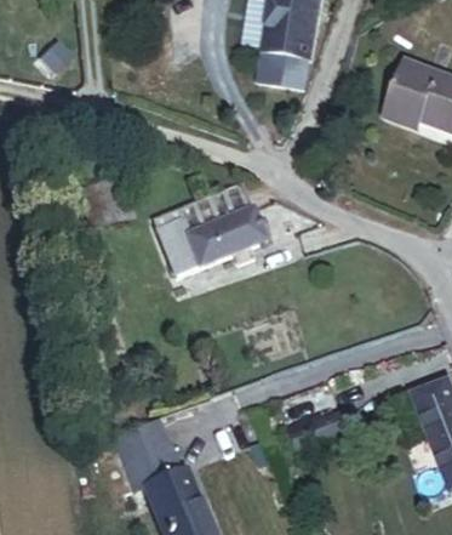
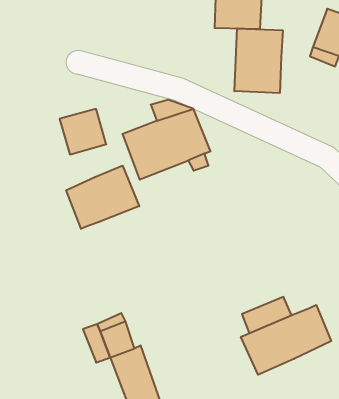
building: none -> [234,28,283,93]
building: none -> [66,166,139,229]
building: none -> [241,305,331,375]

